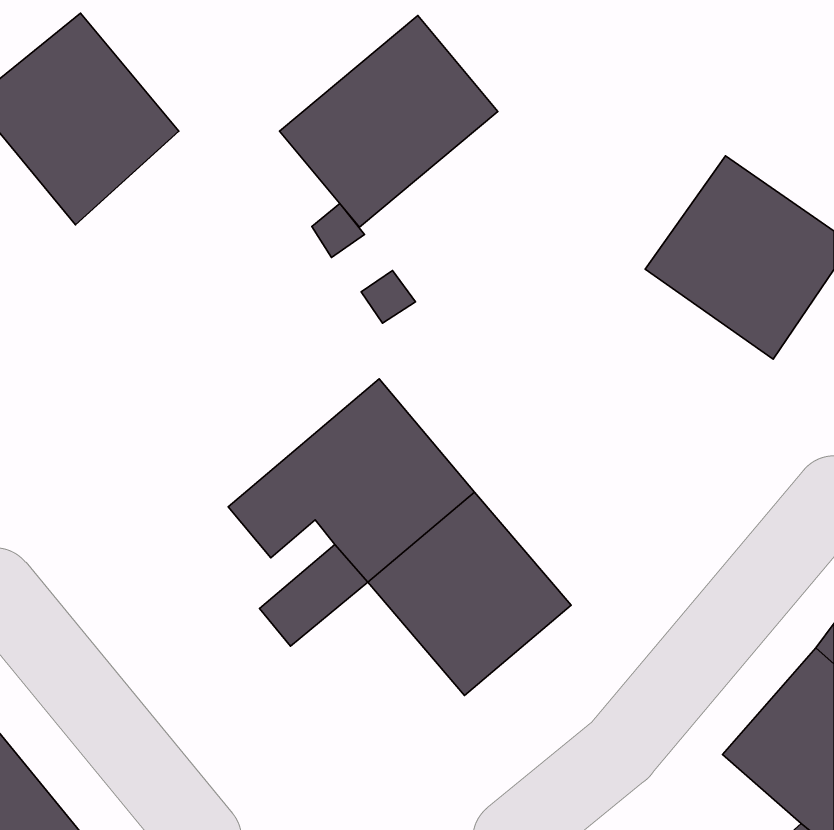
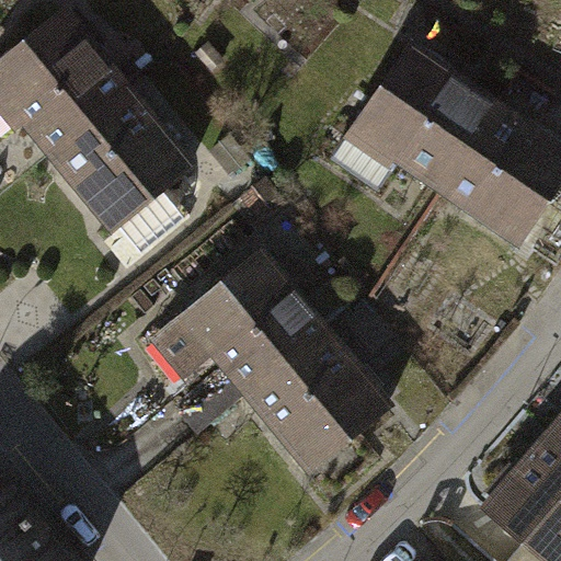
building: [280,15,498,227] -> none
building: none -> [351,54,484,185]
building: none -> [50,93,184,260]

